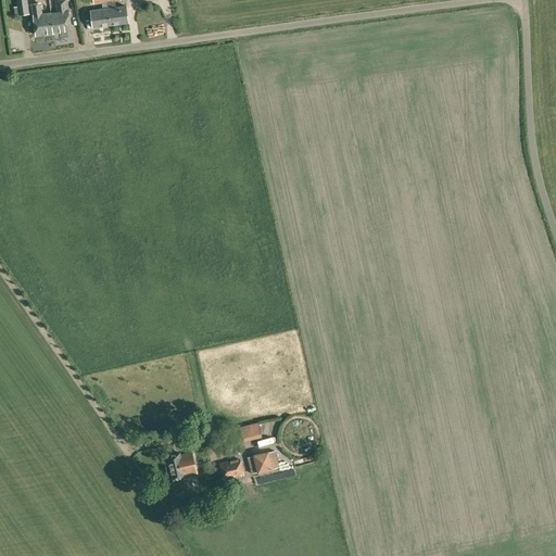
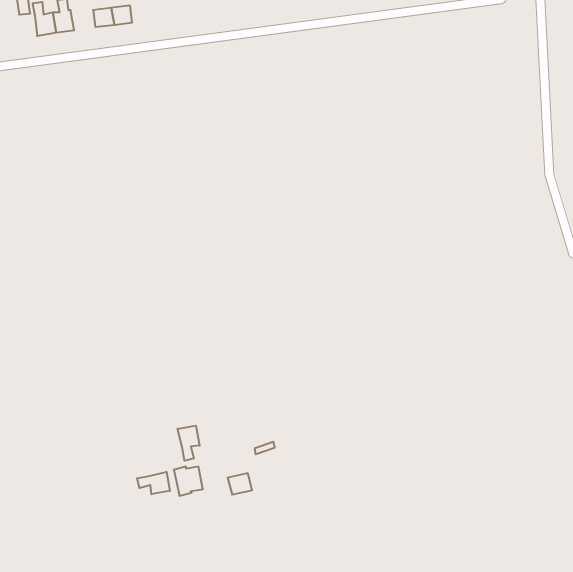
building: none -> [178,426,200,461]
building: [248,450,279,472] -> none
building: none -> [137,472,170,494]

